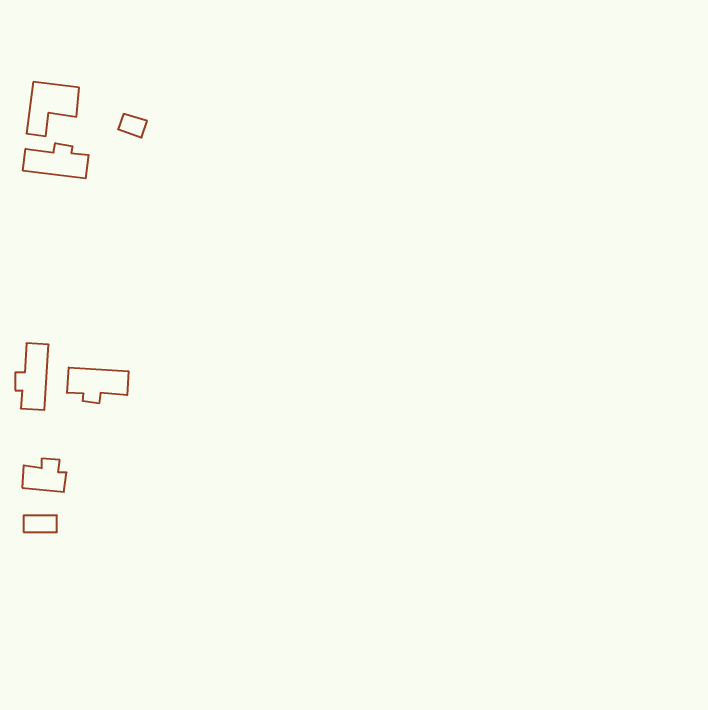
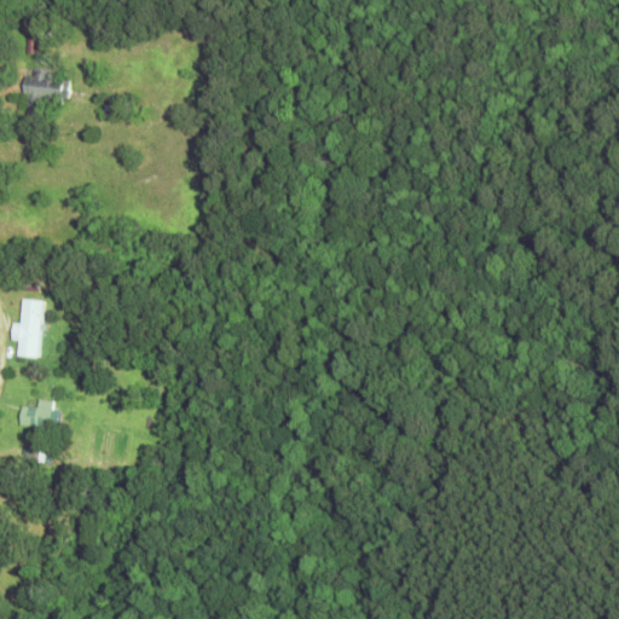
building: [23,143,89,178] -> none
building: [67,367,129,403] -> none

